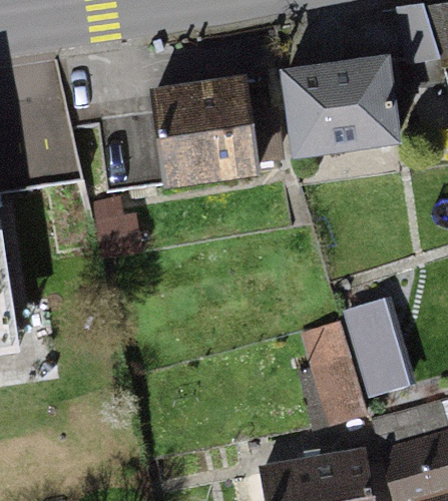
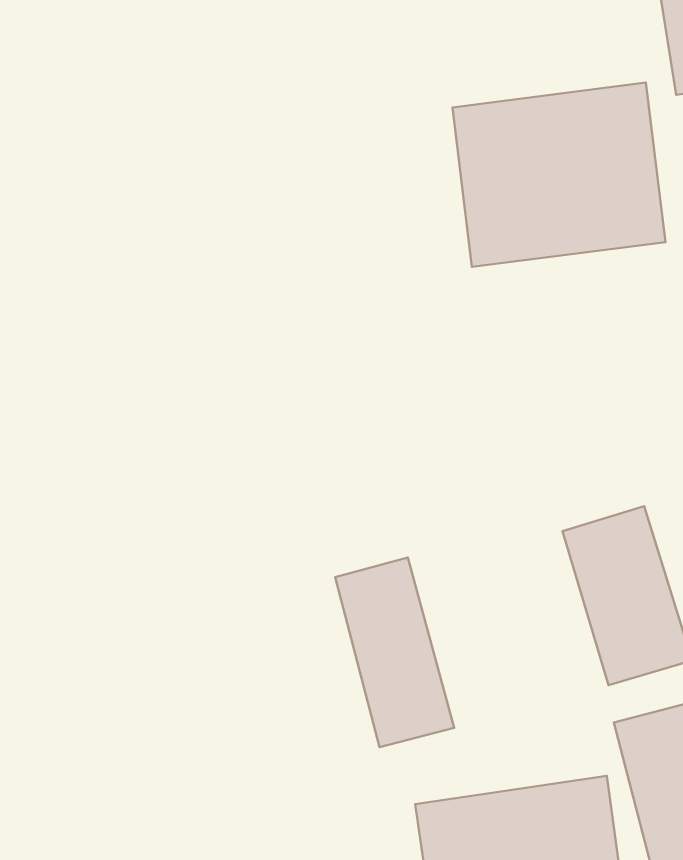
building: [152,77,259,187] -> none
building: [300,318,367,425] -> [335,558,454,747]

